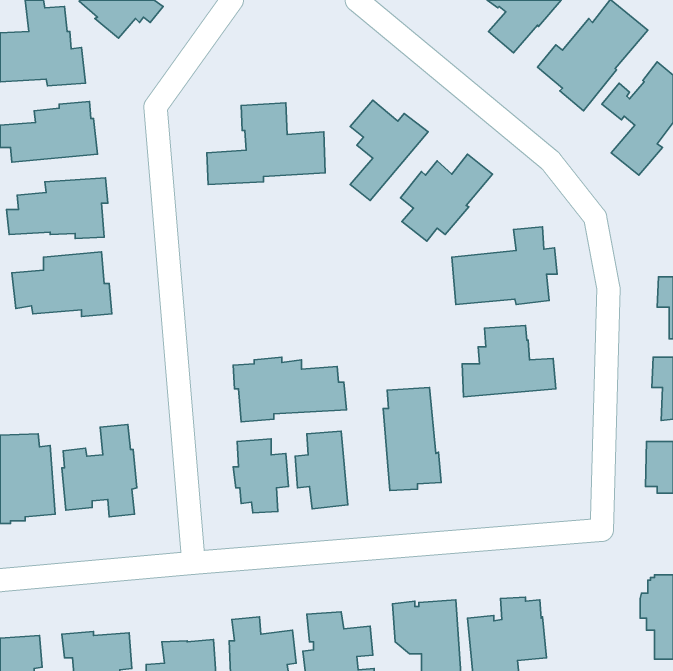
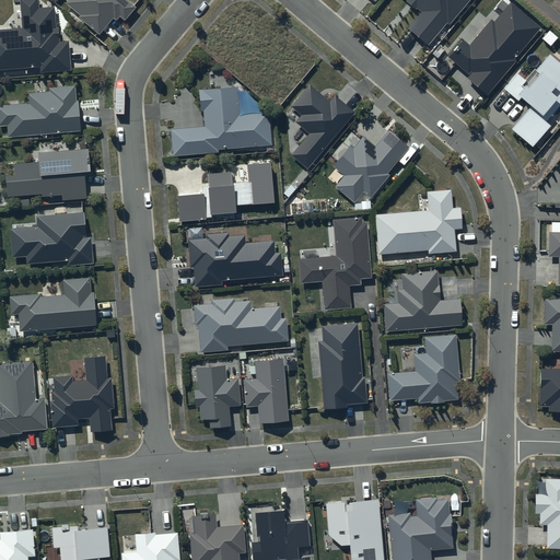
building: none -> [177,160,275,221]
building: none -> [299,218,371,310]
building: none -> [188,233,282,288]
building: none -> [10,279,96,331]
building: none -> [387,335,460,404]

